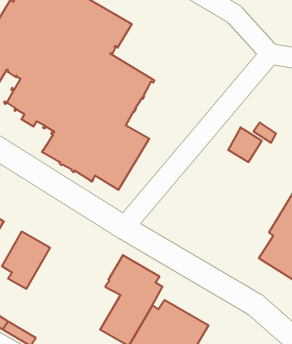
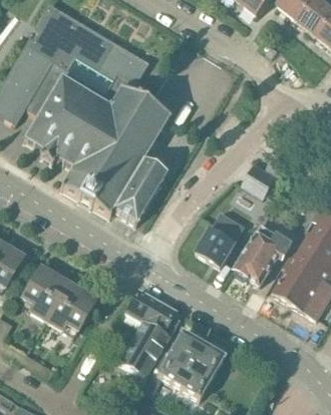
building: none -> [197,213,246,268]
building: none -> [235,225,294,287]
building: none -> [45,283,96,333]

